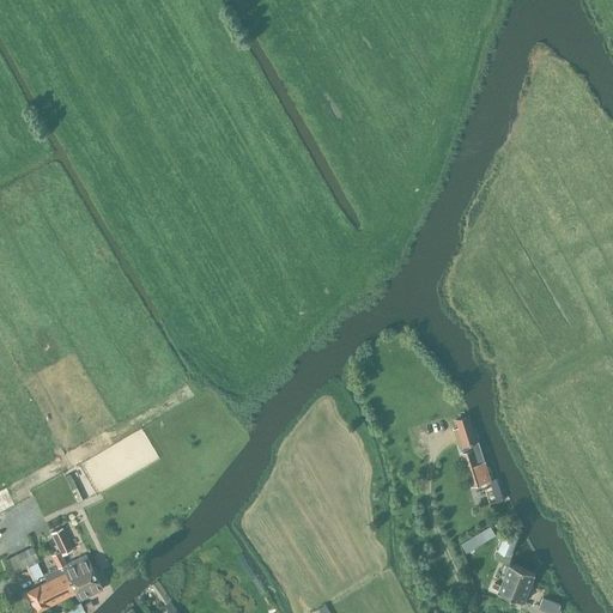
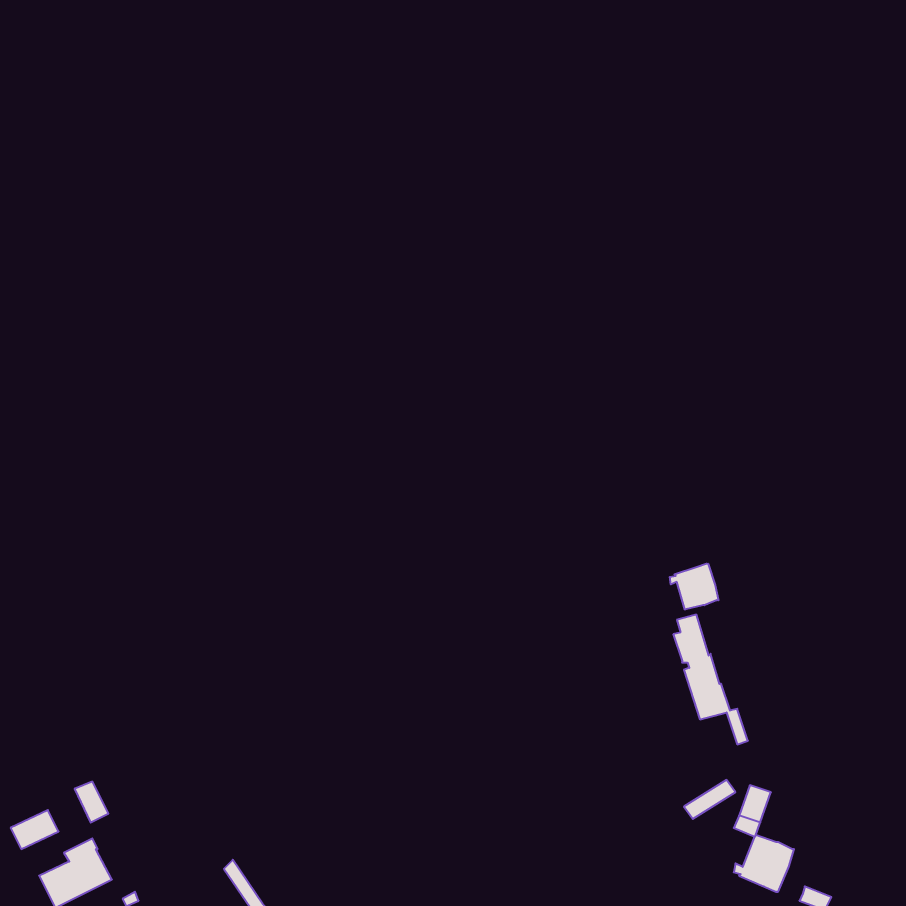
building: none -> [670,564,718,610]
building: [63,556,103,601] -> none

